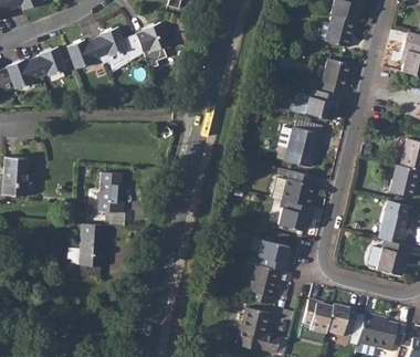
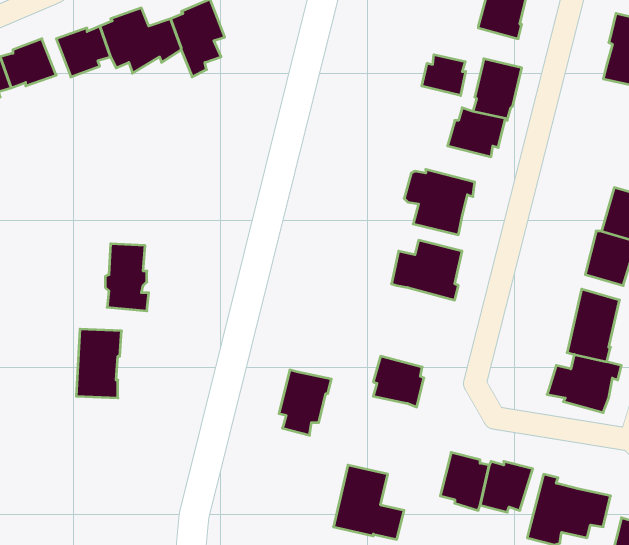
building: none -> [422,55,466,96]
building: [279,198,313,230] -> none
building: [250,263,282,303] -> [279,370,331,435]

